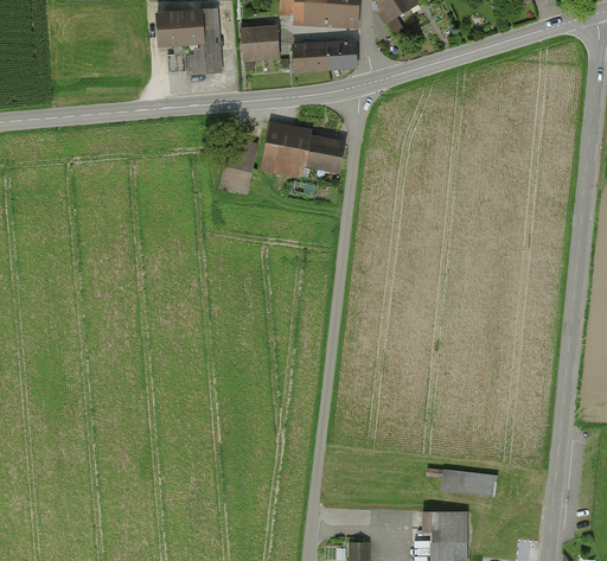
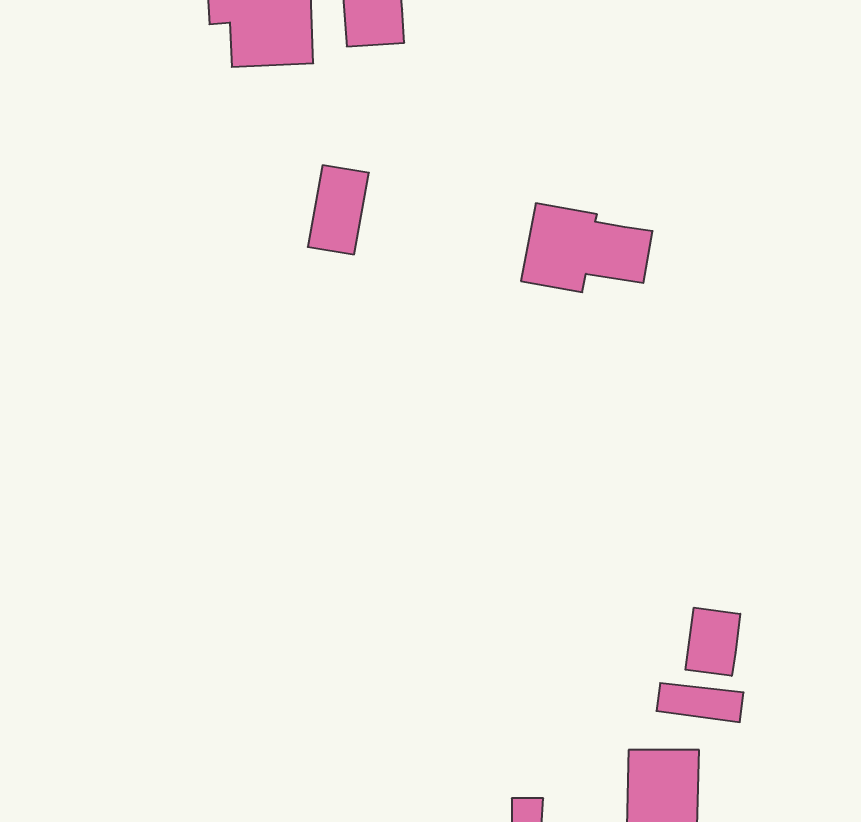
building: [290,38,356,72] -> none
building: [262,122,346,179] -> [521,203,653,292]
building: none -> [685,608,740,676]

